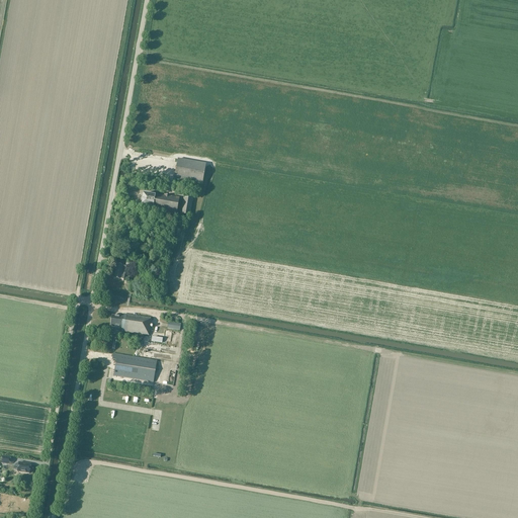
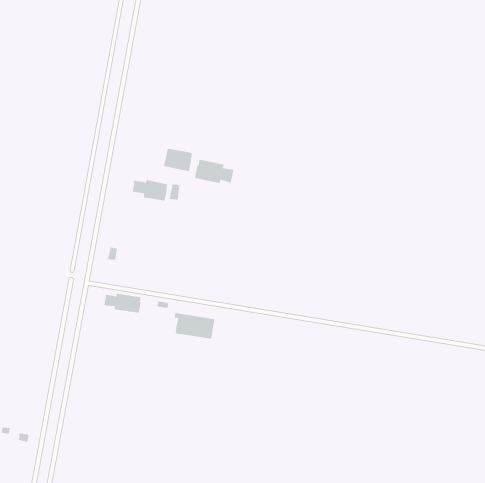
building: none -> [194,159,234,184]
building: [112,352,157,380] -> [174,313,216,339]

